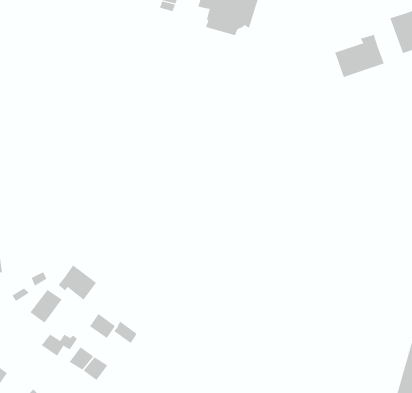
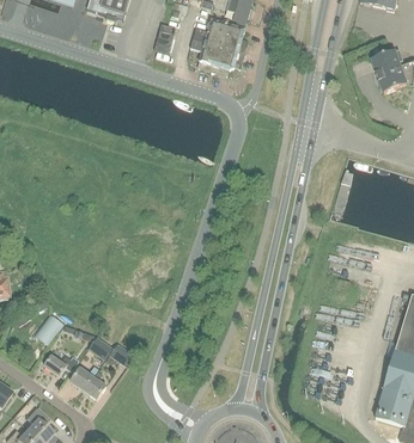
building: [334,34,385,78] -> none
building: [58,265,97,300] -> none

